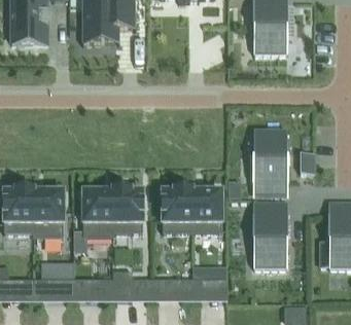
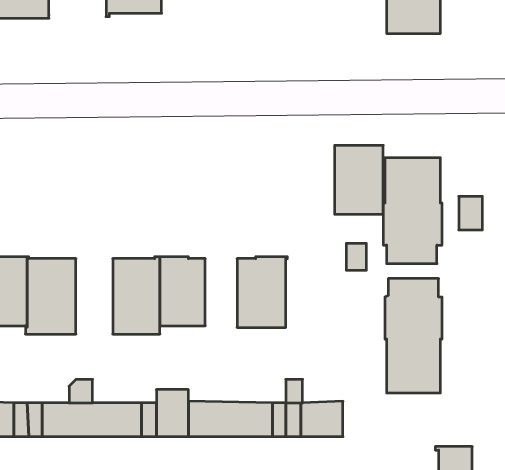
building: [191,191,221,233] -> [335,145,383,214]

